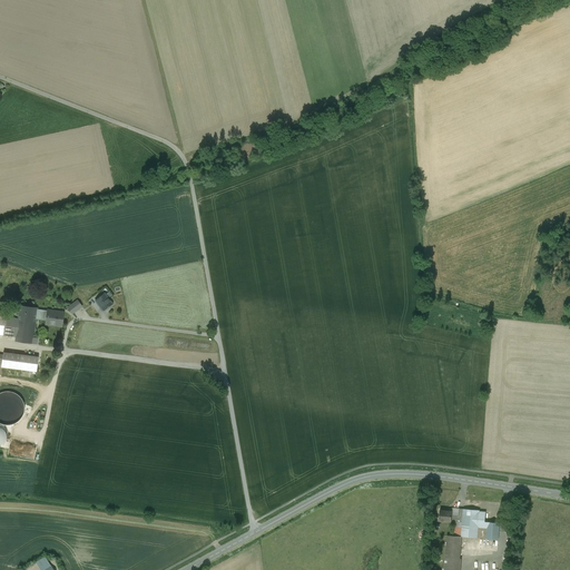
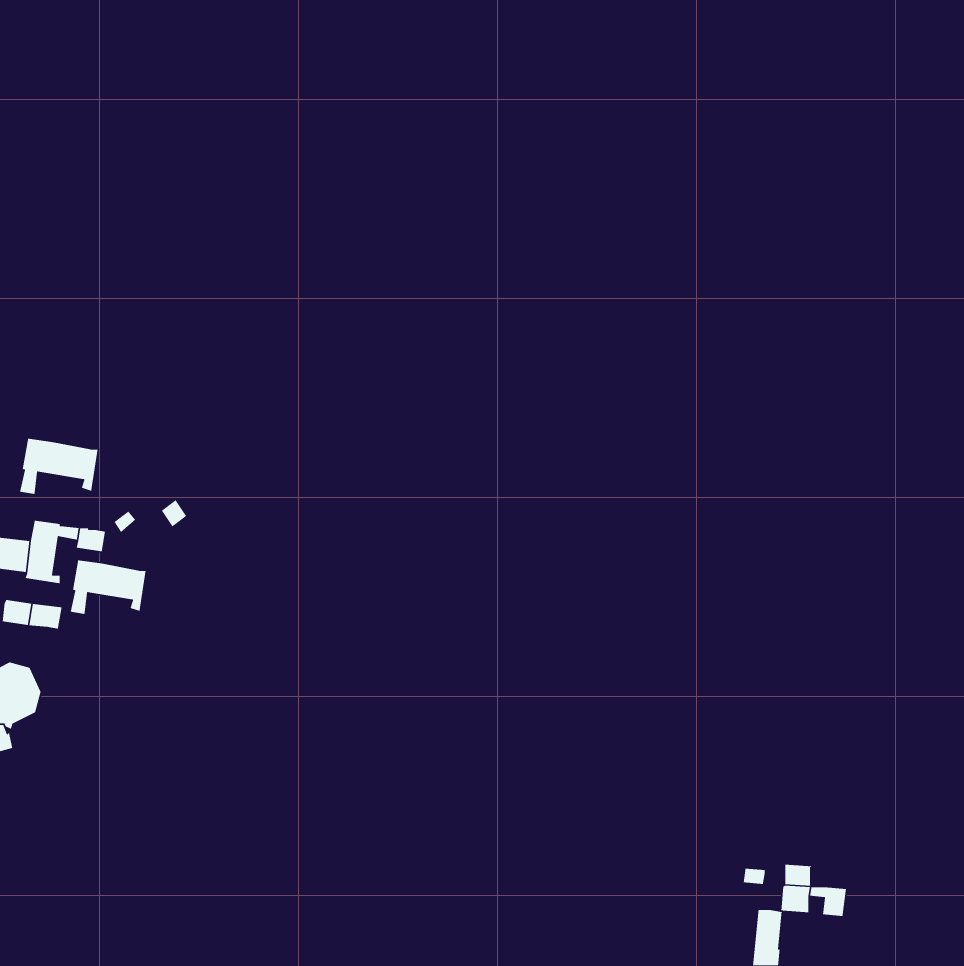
building: none -> [19,438,98,495]
building: none -> [70,560,147,615]

